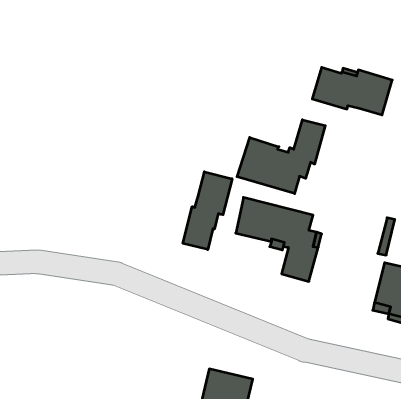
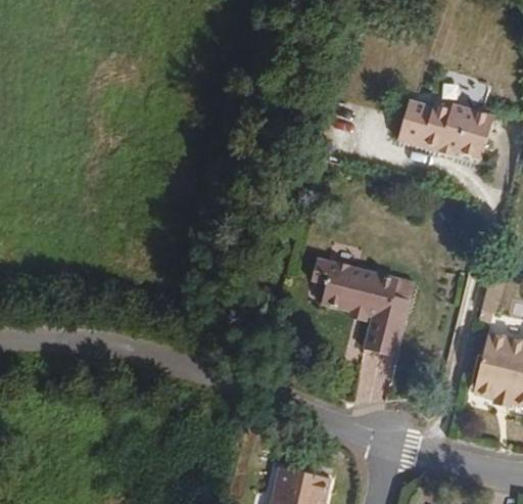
building: [237,120,325,194] -> none
building: [183,172,232,250] -> none

